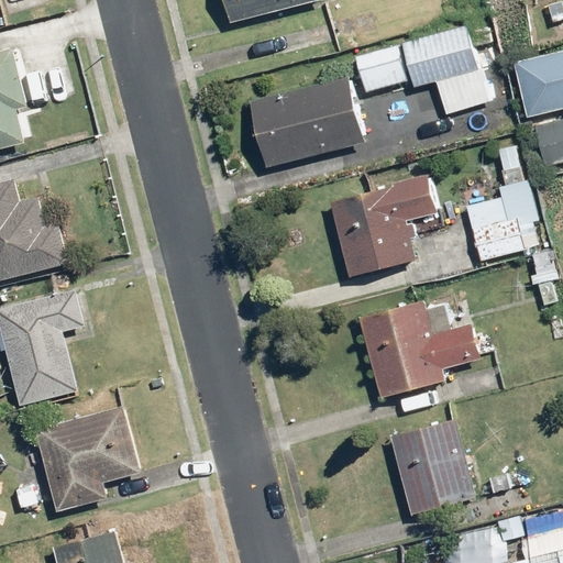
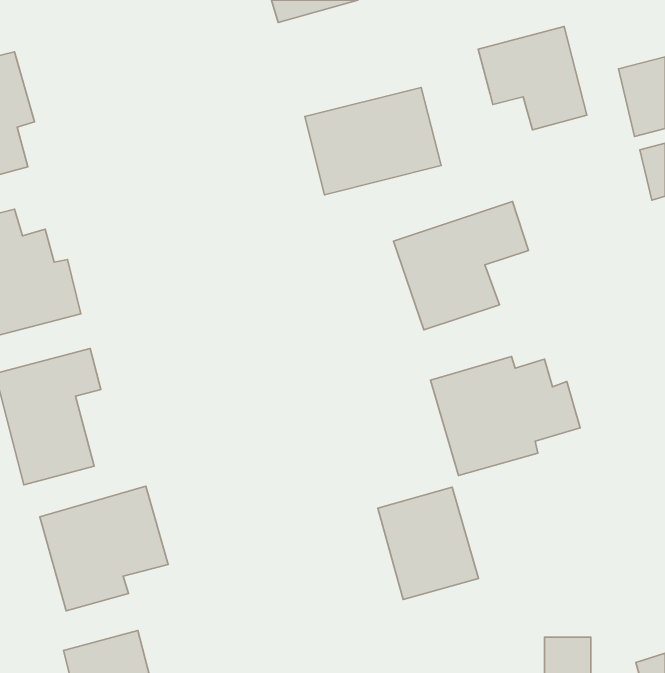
building: [351,44,407,93] -> none
building: [462,180,536,262] -> none
building: [391,419,475,512] -> [378,487,479,600]

